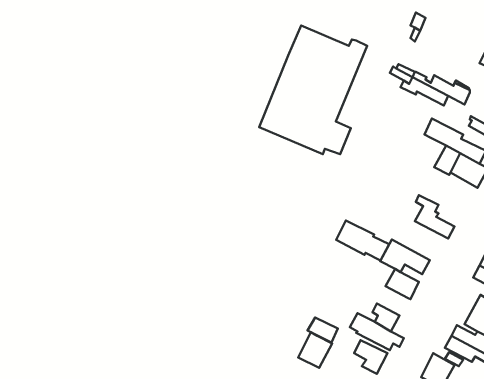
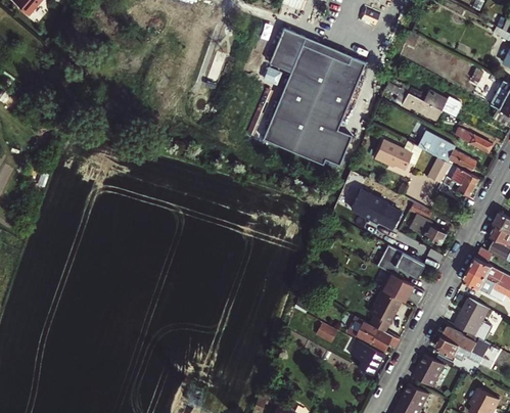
building: none -> [268,28,304,72]
building: none -> [375,140,424,172]
building: [336,220,389,260] -> [352,190,402,228]
building: none -> [373,289,403,317]
building: [298,332,332,368] -> none

